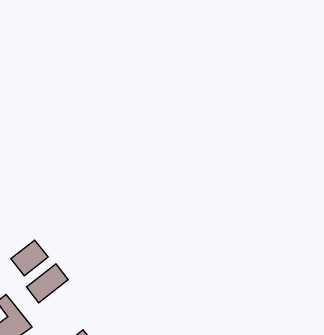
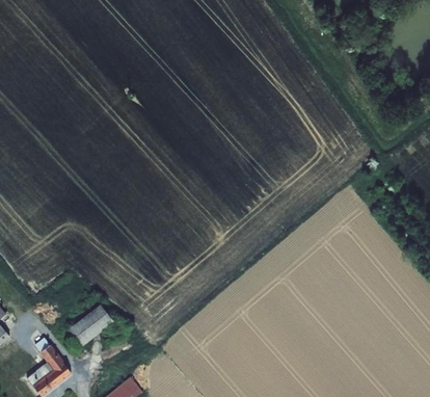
building: [11,240,48,276] -> none

